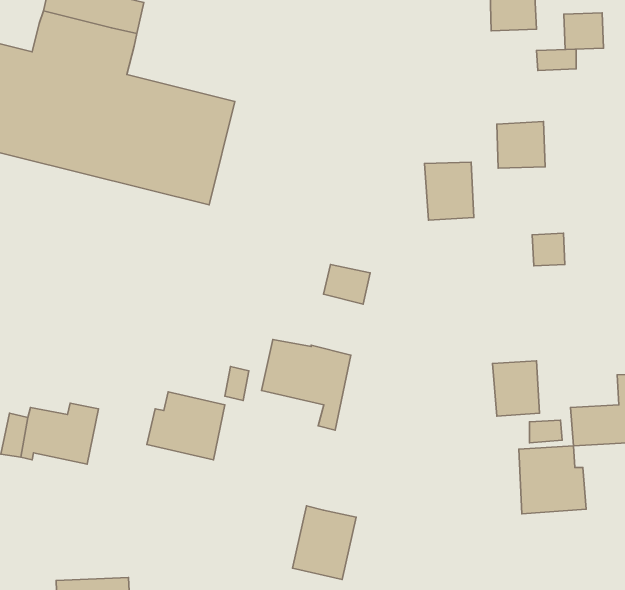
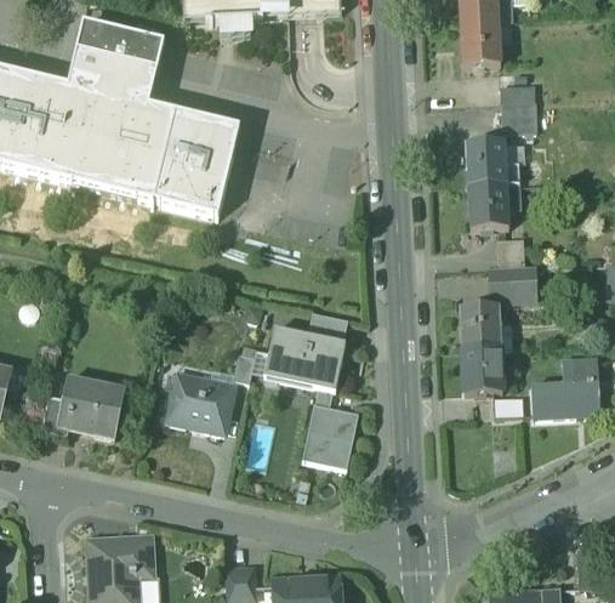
building: [564,13,603,50] -> [501,98,535,130]
building: [424,162,474,220] -> [467,182,509,232]
building: [323,264,370,304] -> [307,309,347,343]
building: none -> [489,266,534,302]
building: none -> [460,307,500,351]
building: [519,446,586,514] -> none
building: [292,506,356,580] -> [301,404,355,467]

